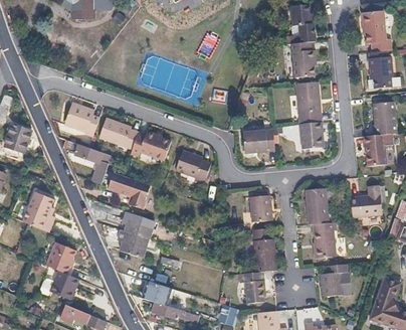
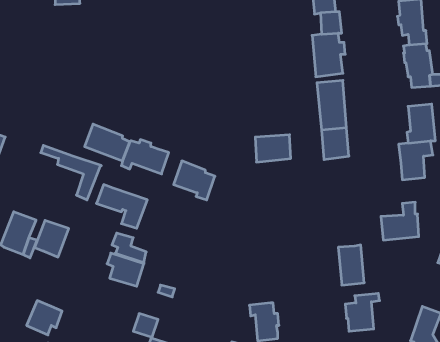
building: [63,104,98,138] -> none
building: [304,190,328,224] -> none
building: [248,196,270,222] -> none
building: [252,228,276,272] -> none
building: [50,243,79,275] -> [34,220,69,257]

